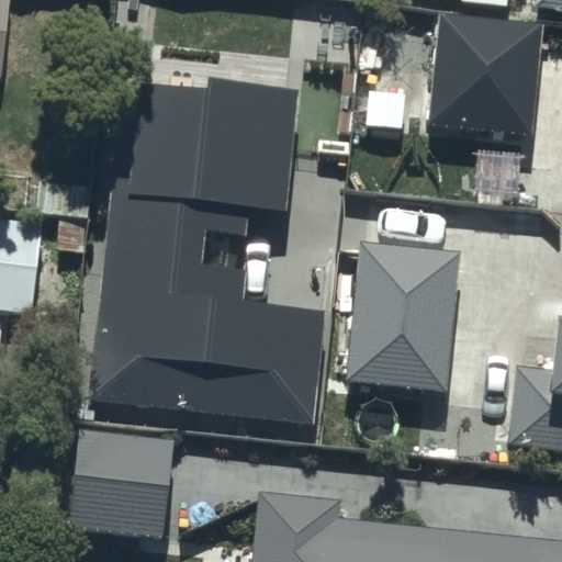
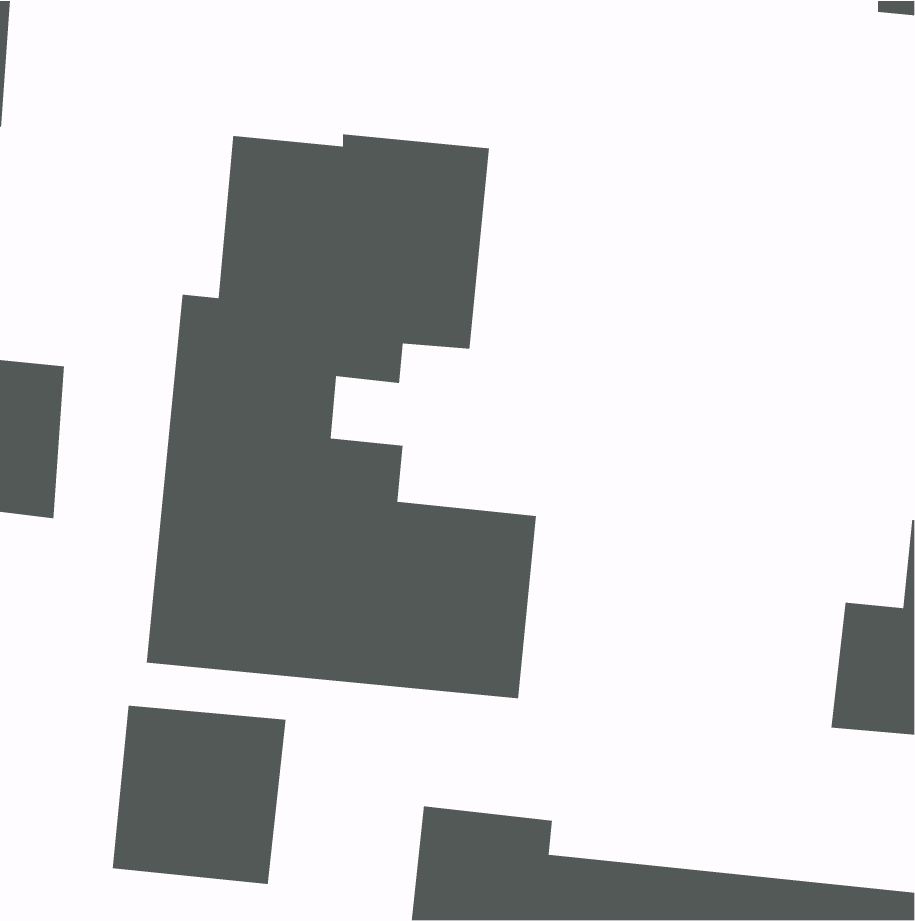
building: [434,16,542,135] -> none
building: [341,240,459,392] -> none

